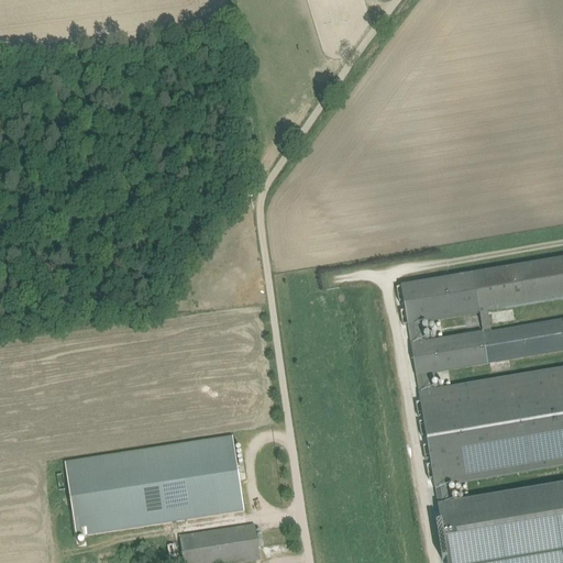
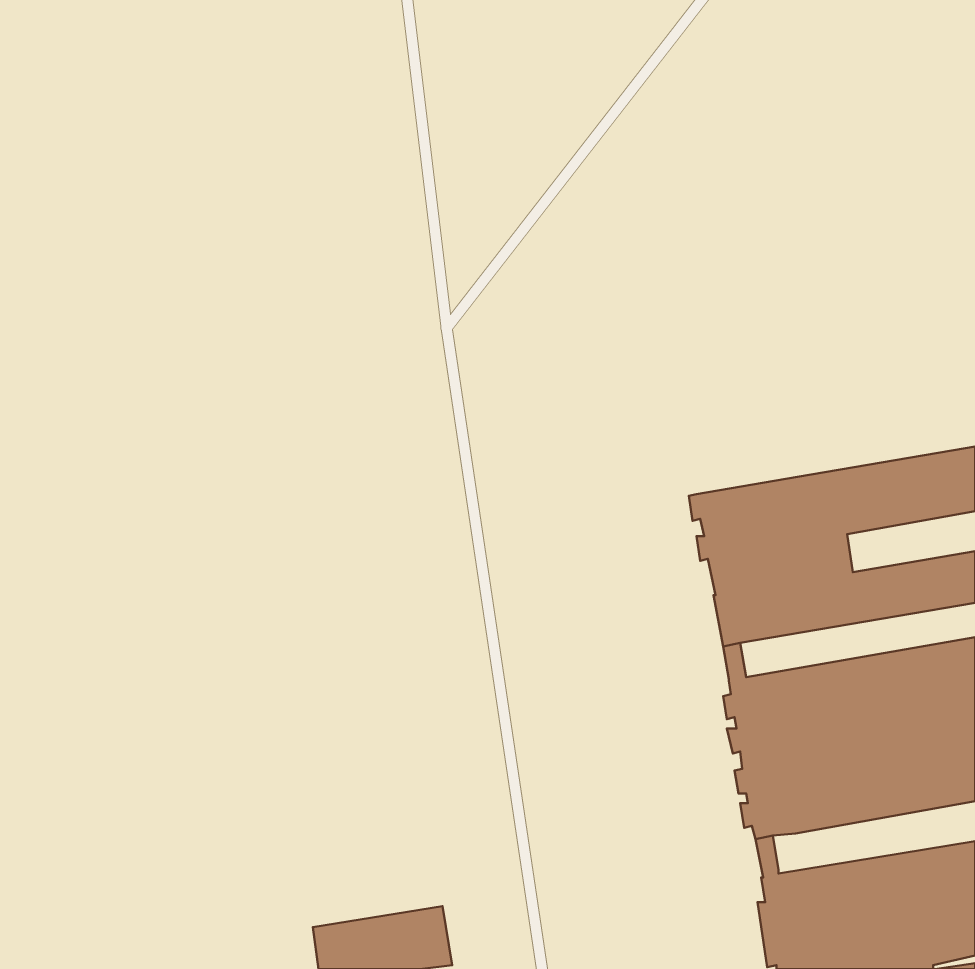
building: [65,434,245,534] -> none

